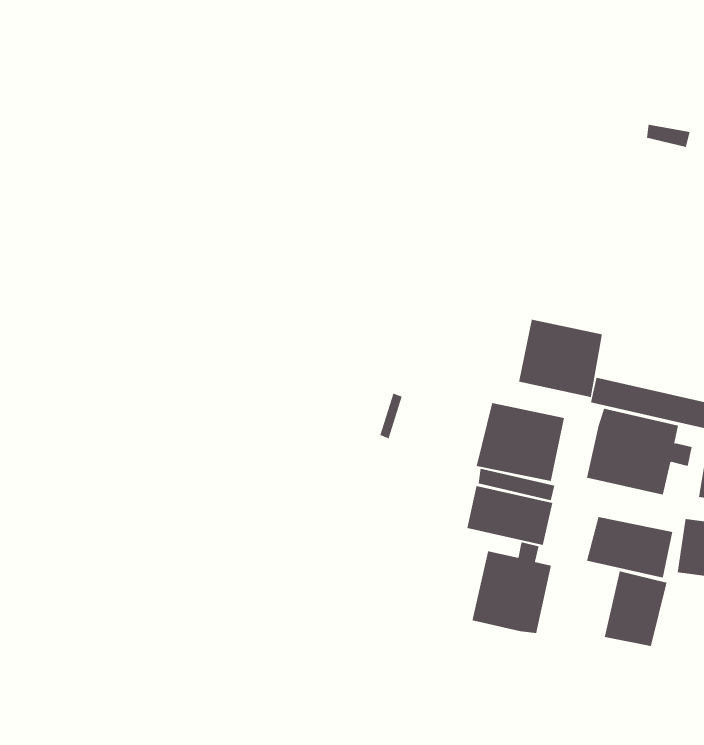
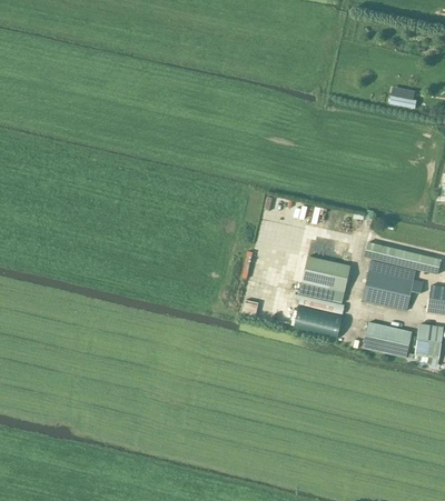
building: [518,319,603,398] -> none
building: [472,541,552,634] -> none
building: [604,571,667,647] -> none

